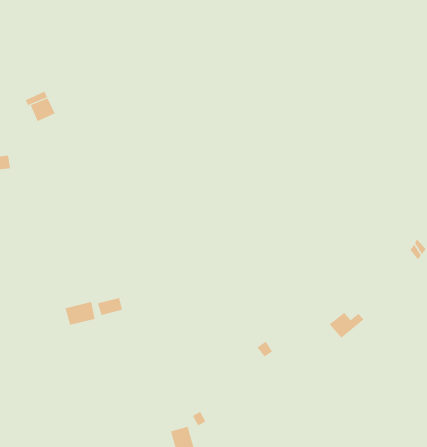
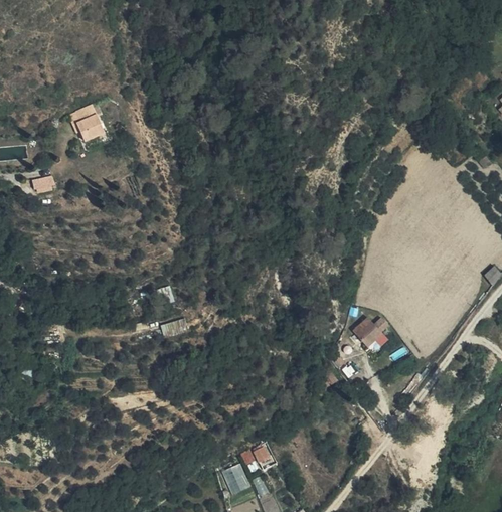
building: [65,301,95,326] -> none
building: [329,312,364,339] -> [349,319,386,347]

